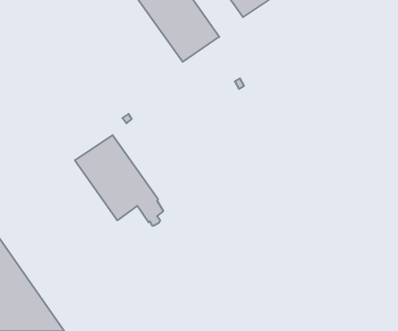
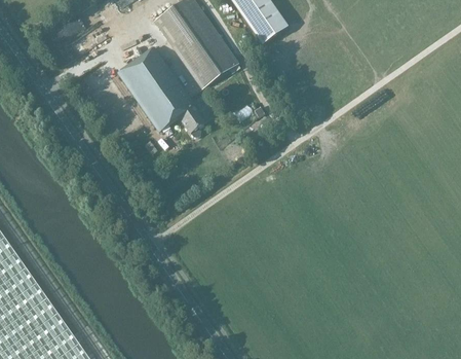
building: [75,135,163,226] -> [118,47,205,137]

